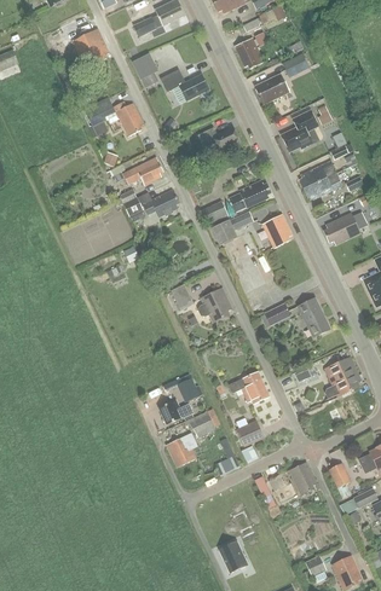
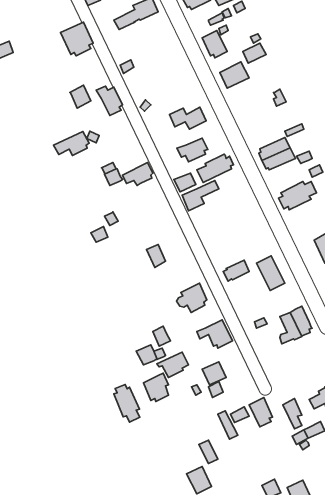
building: [160,69,209,99] -> none
building: [281,109,318,150] -> none
building: [122,156,163,184] -> [54,131,89,156]
building: none -> [177,138,208,162]
building: [262,213,293,247] -> none
building: [196,286,231,320] -> [177,283,207,313]
building: none -> [114,384,140,422]

